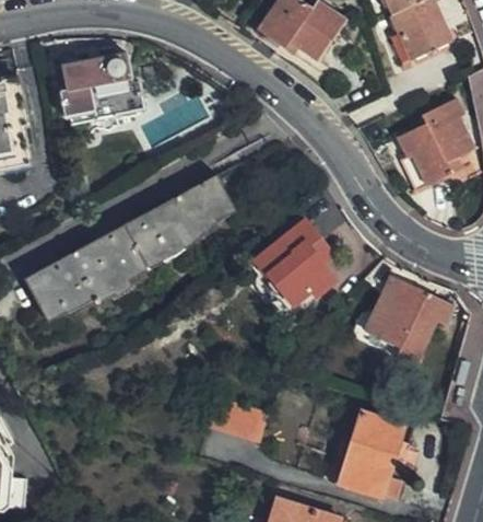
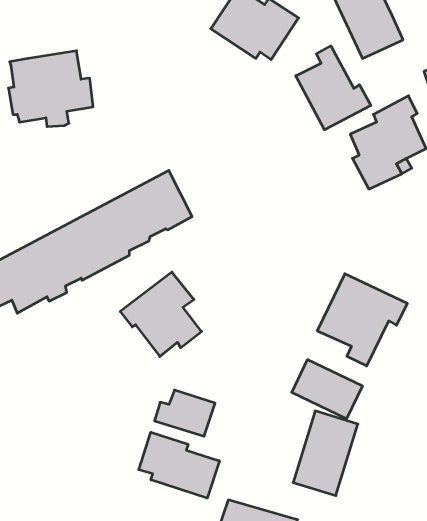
building: none -> [296,46,371,130]
building: [252,221,333,305] -> [120,272,202,357]
building: none -> [292,360,362,419]
building: none -> [139,432,219,498]

